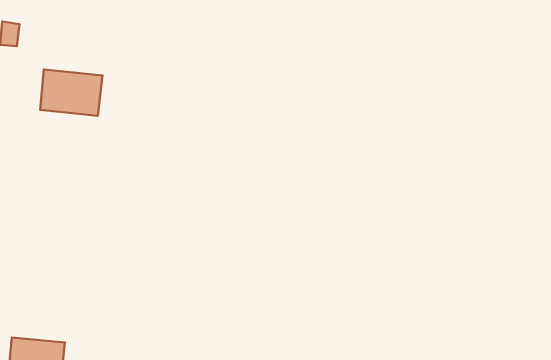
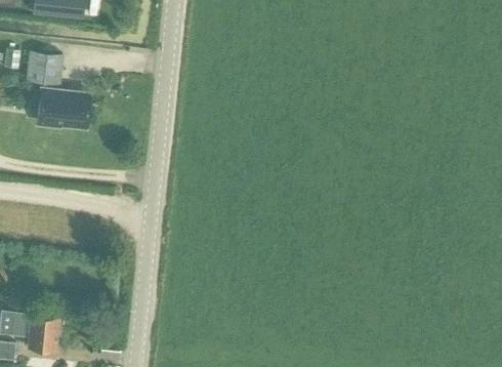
building: none -> [27,52,62,84]

